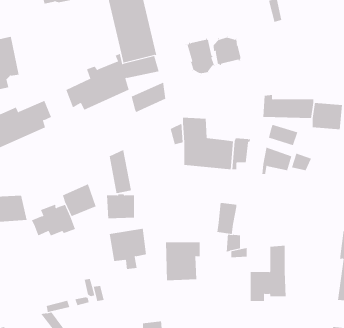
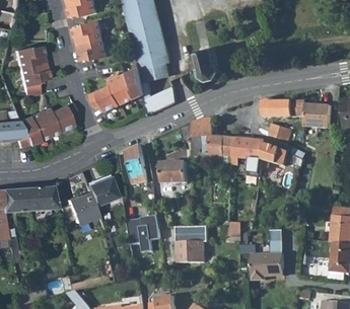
building: none -> [71,19,106,61]
building: [211,35,243,66] -> none
building: [106,194,135,219] -> [161,162,187,184]
building: [217,202,237,234] -> [247,140,265,168]

